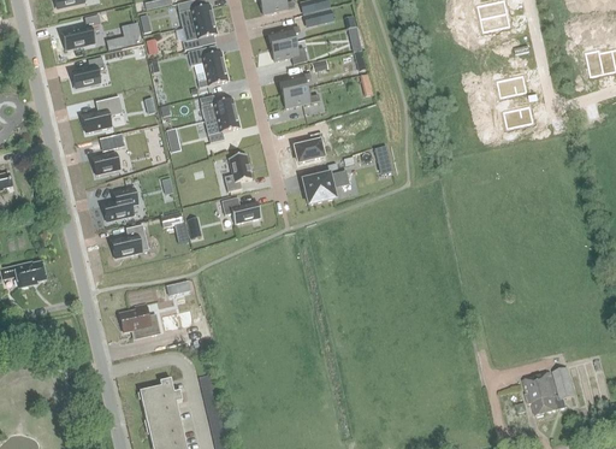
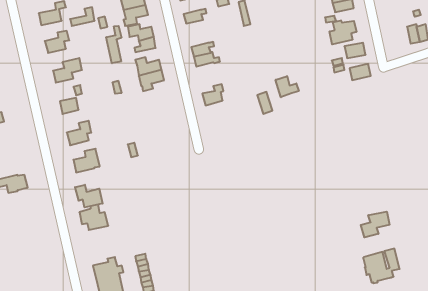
building: [271,41,307,64] -> none
building: none -> [330,20,356,44]
building: none -> [106,26,121,63]
building: none -> [276,76,299,97]
building: [224,153,251,191] -> none
building: [302,170,349,203] -> none
building: [221,196,260,223] -> none
building: none -> [75,185,103,207]
building: none -> [361,212,390,237]

